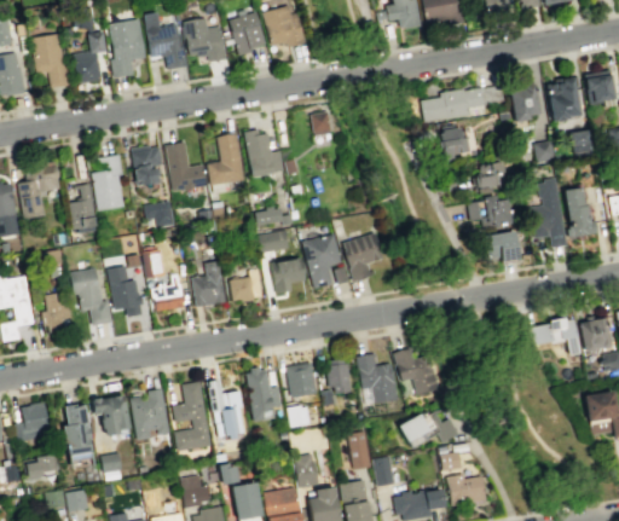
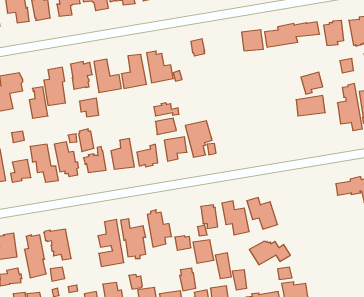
building: [438,126,470,157] -> [242,30,263,51]
building: [485,231,521,261] -> none
building: [342,232,384,282] -> none
building: [287,363,318,398] -> [193,240,214,263]
building: [131,388,170,440] -> none

